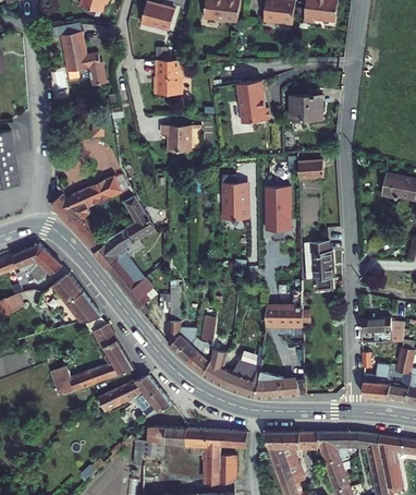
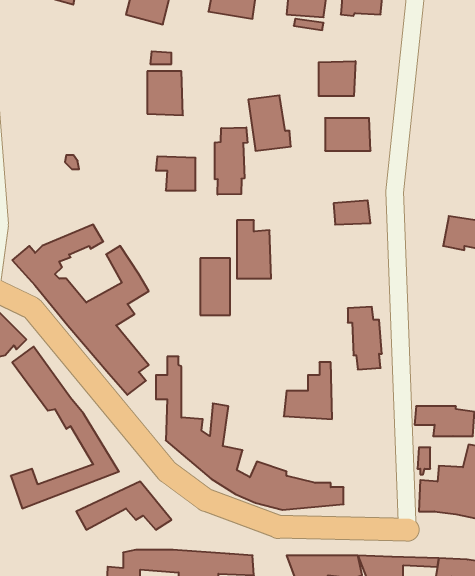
building: [63,33,103,74] -> none
building: none -> [319,61,355,96]
building: none -> [215,127,247,195]
building: [268,186,291,230] -> [200,258,230,315]

